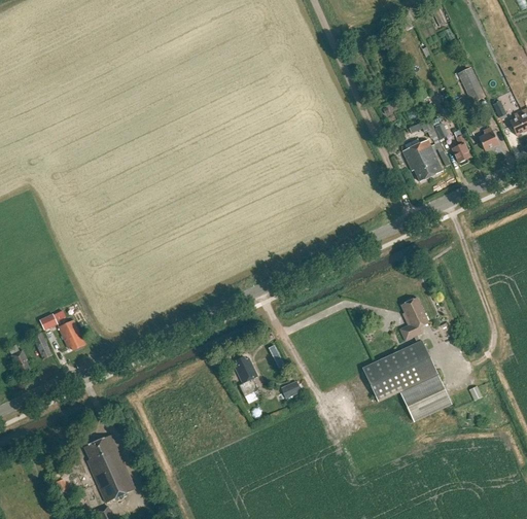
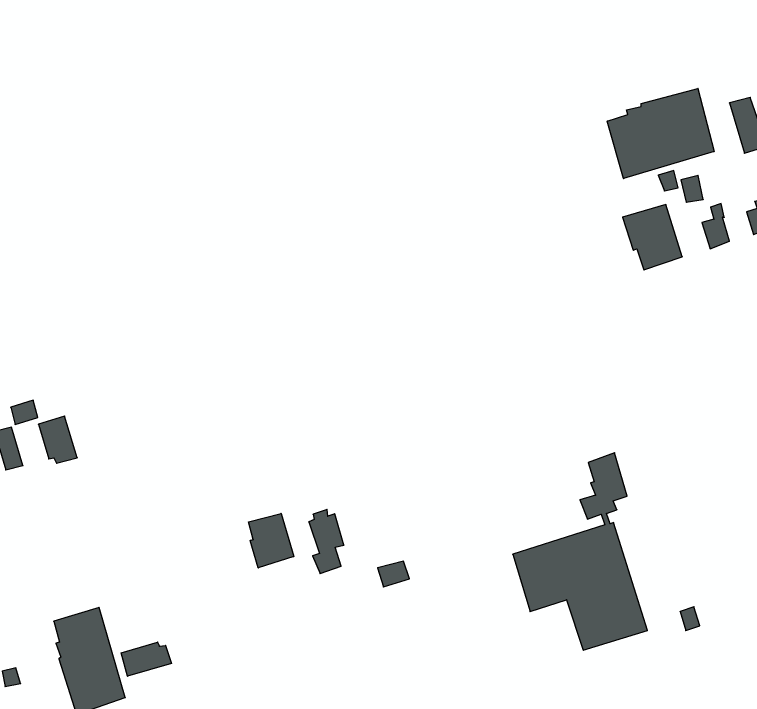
building: none -> [607,88,714,179]
building: none -> [249,513,294,568]
building: none -> [121,642,172,676]

